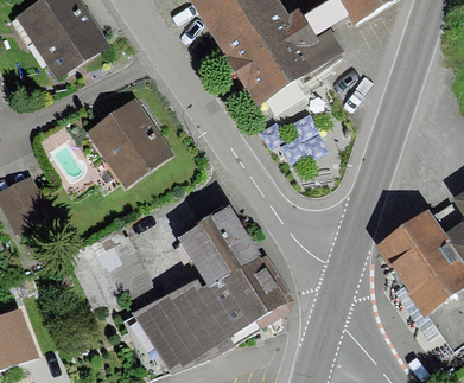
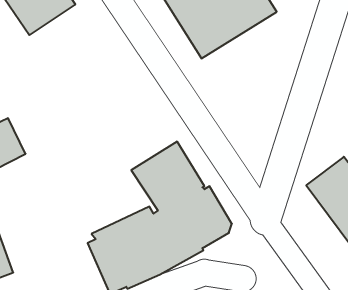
building: [84,97,173,187] -> none

